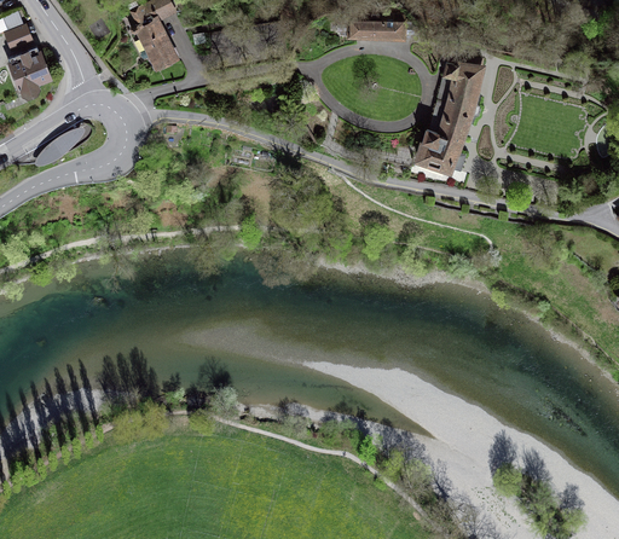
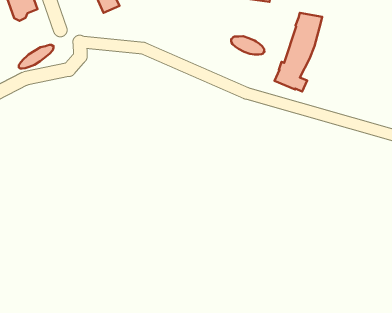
building: none -> [231,36,264,55]

